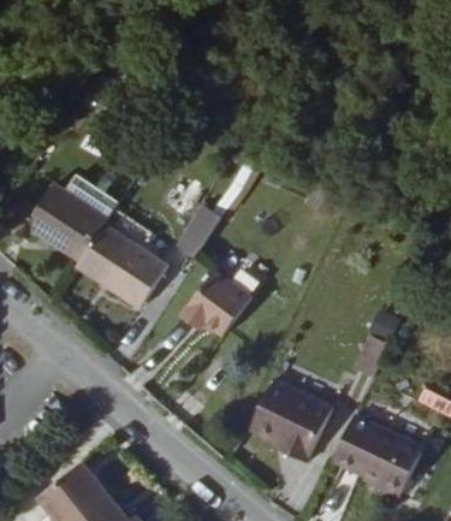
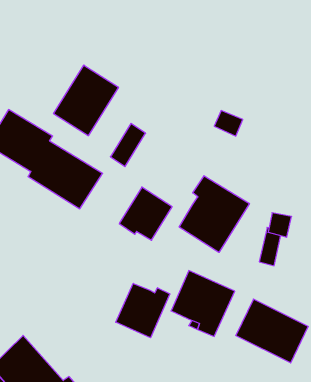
building: none -> [54,65,118,136]
building: none -> [179,176,249,252]
building: none -> [116,283,170,338]

